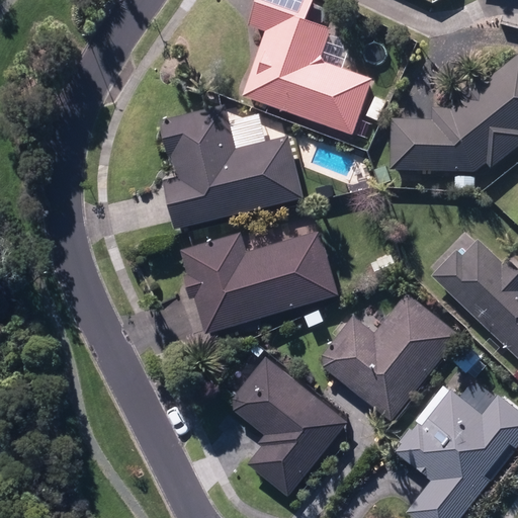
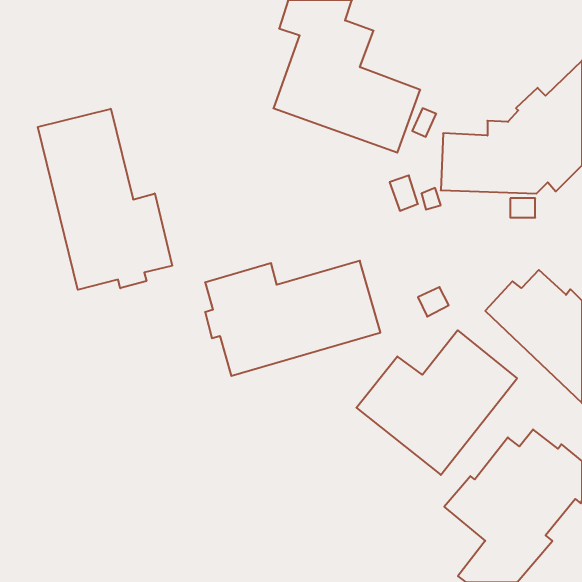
building: none -> [38,109,172,290]
building: [159,104,304,229] -> none
building: [234,358,348,496] -> none

